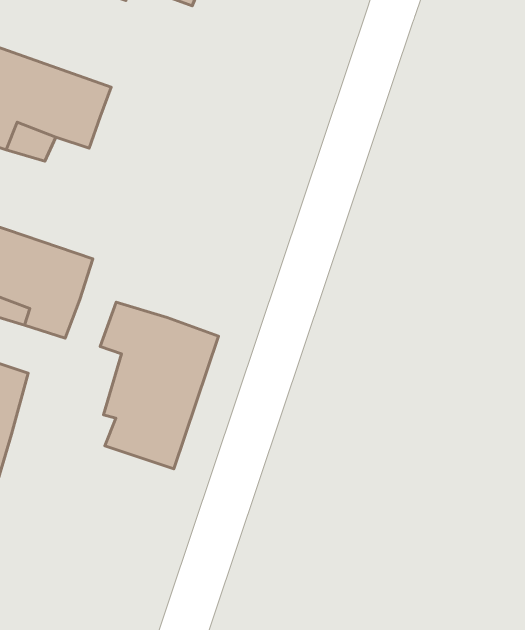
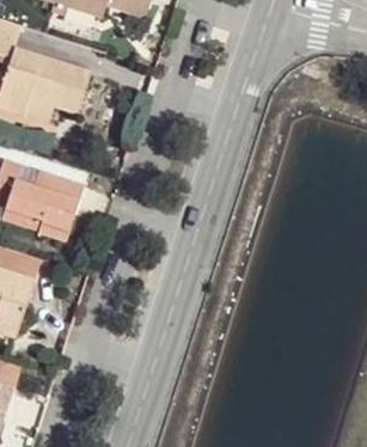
building: [100,302,219,469] -> none

